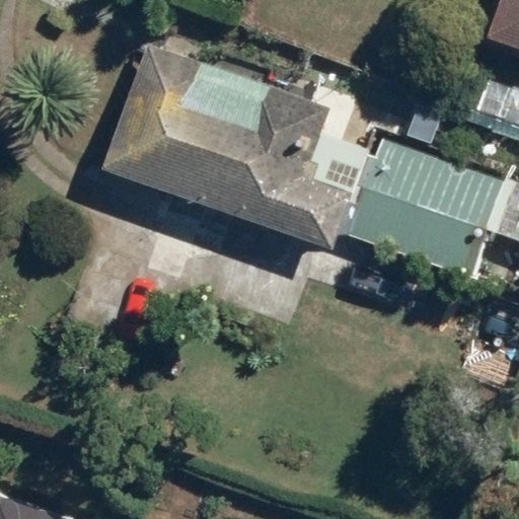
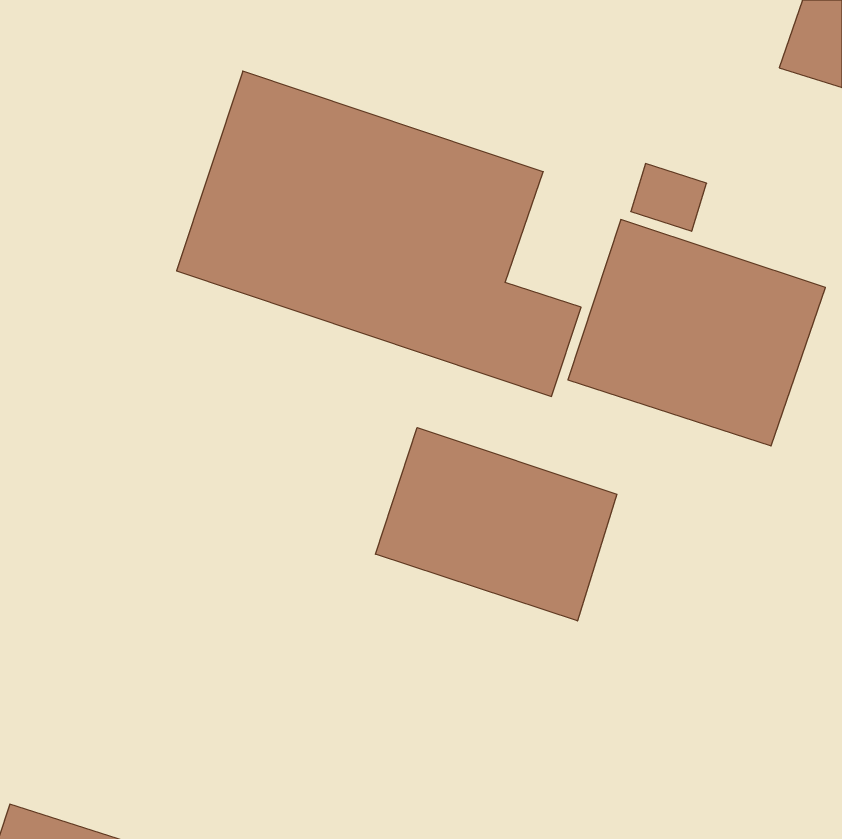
building: none -> [375,428,617,621]

